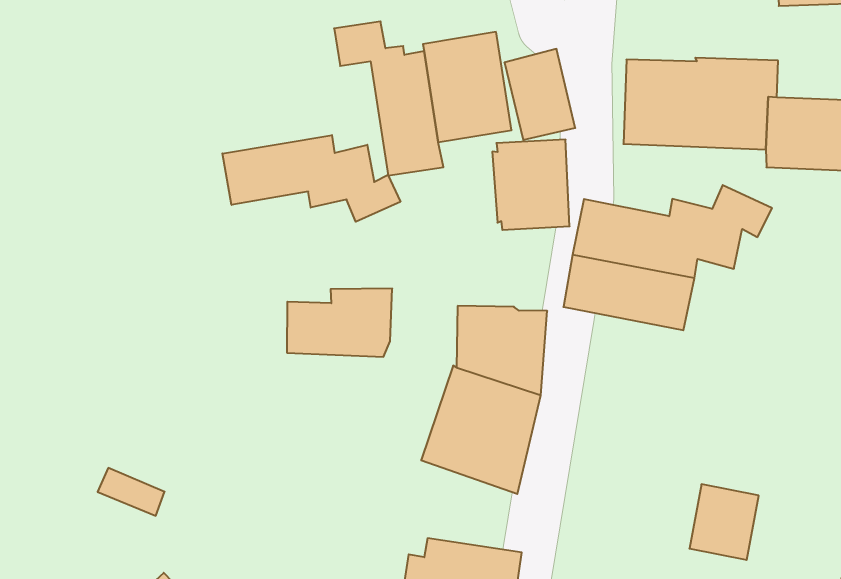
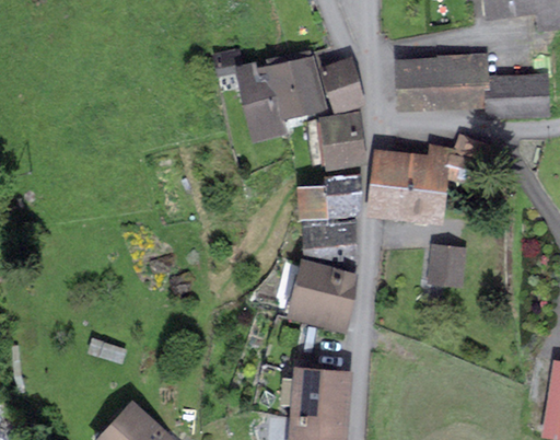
building: [222,135,400,222] -> none
building: [287,289,392,357] -> [296,173,362,218]
building: [689,484,759,560] -> [427,243,467,288]

